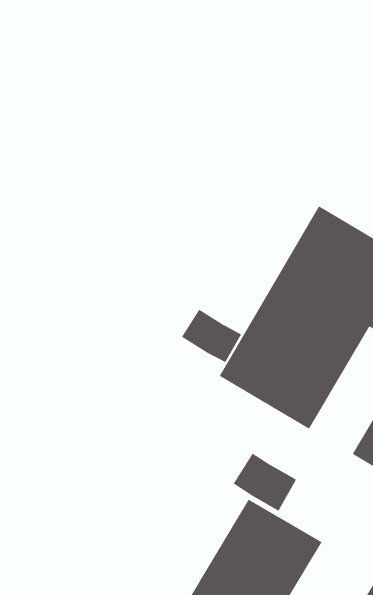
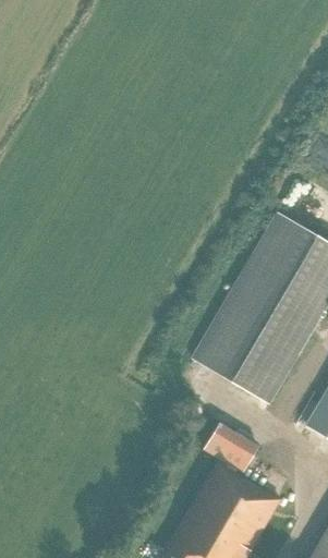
building: [181,309,242,363] -> none

